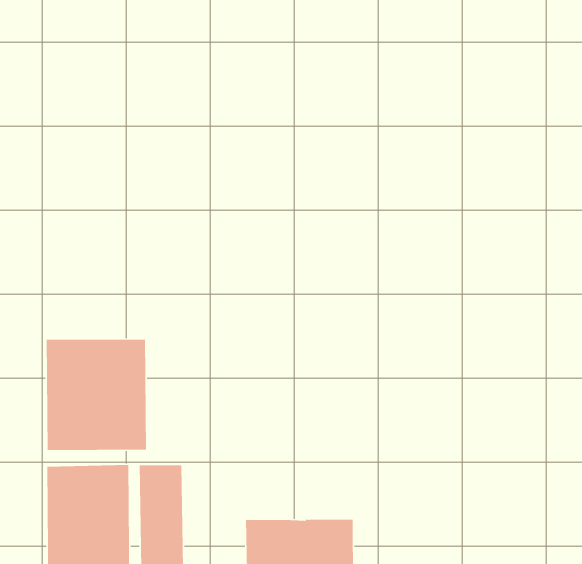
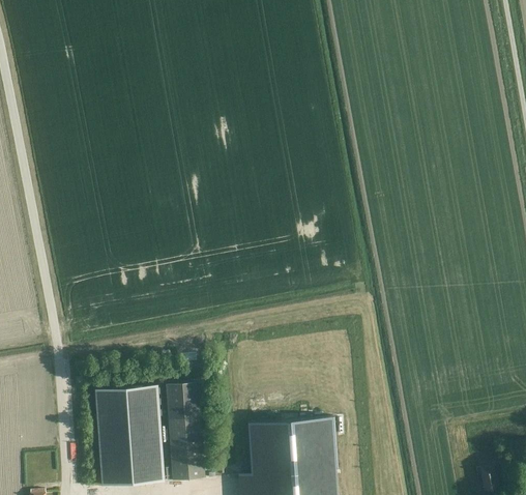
building: [46,339,147,451] -> none

